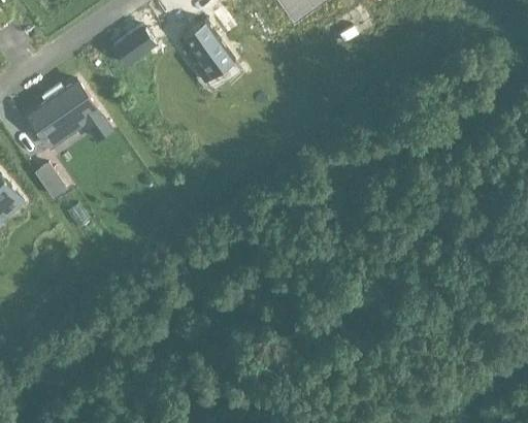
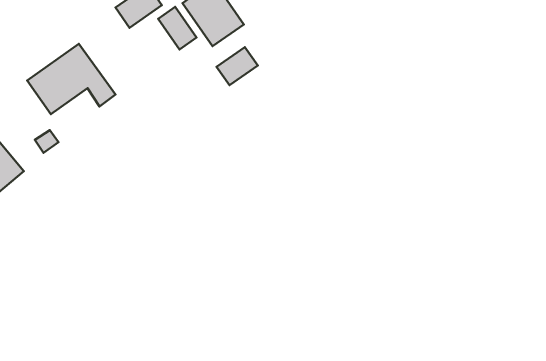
building: none -> [158,7,196,50]
building: none -> [216,47,258,85]

